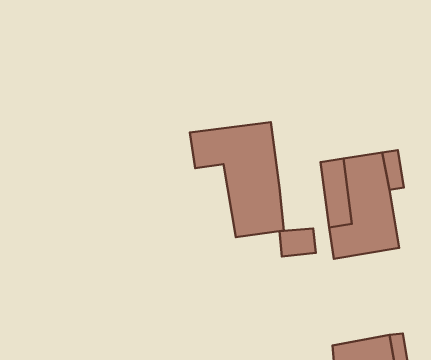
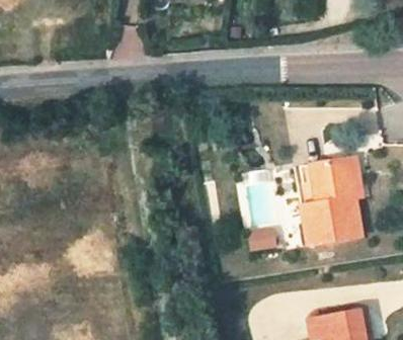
building: [190,122,284,237] -> none

